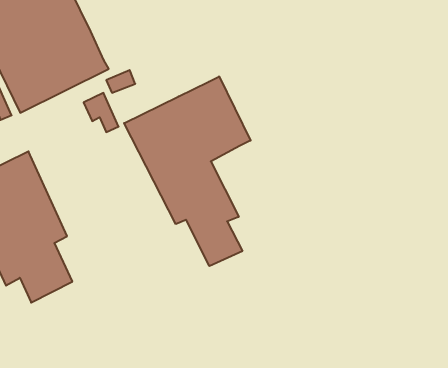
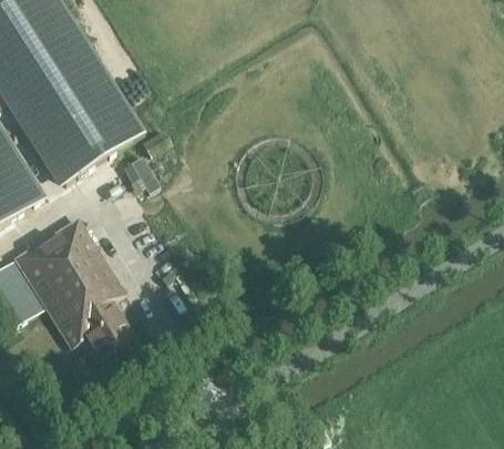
building: [124,76,251,266] -> none

